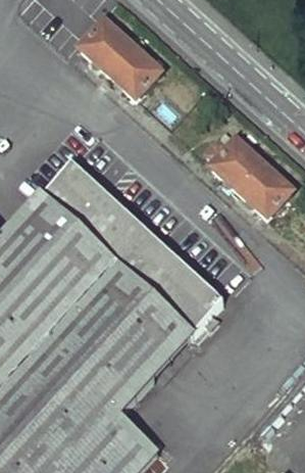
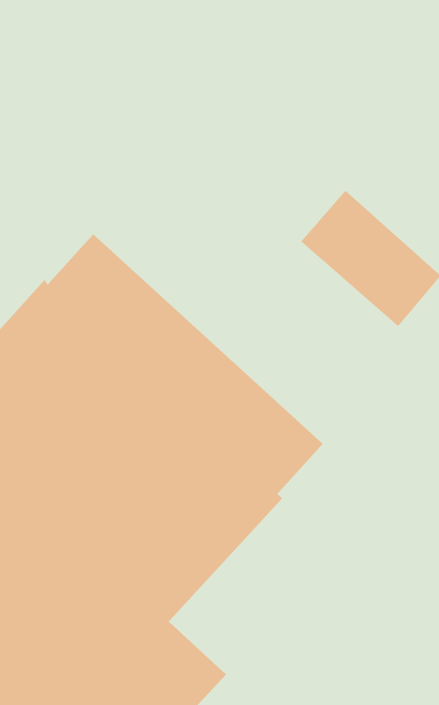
building: [74,13,164,100] -> none

